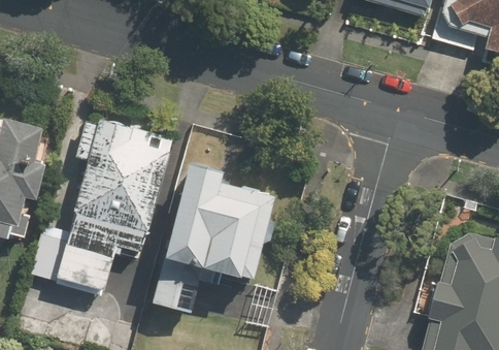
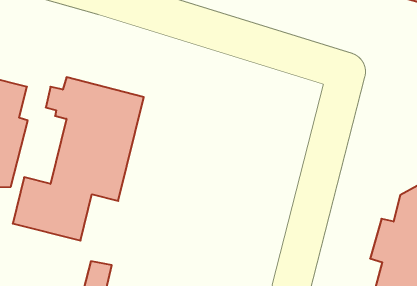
building: [155,160,276,314] -> none

